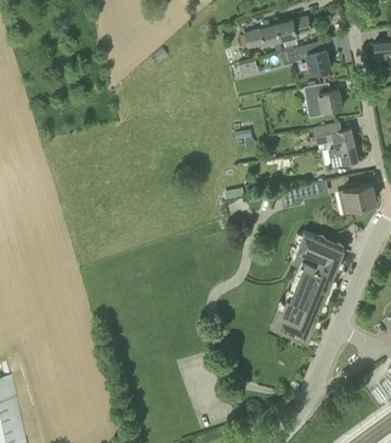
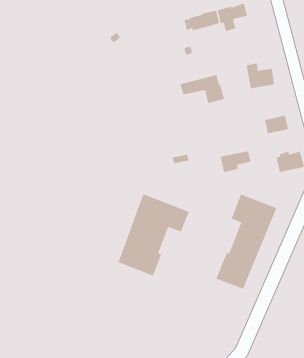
building: [279,41,330,74] -> [180,74,225,103]
building: [313,124,353,148] -> none
building: none -> [118,193,189,276]

